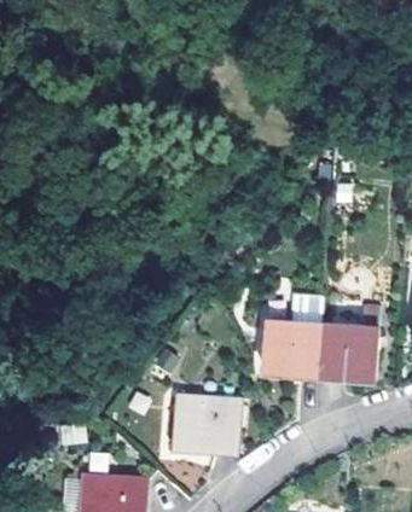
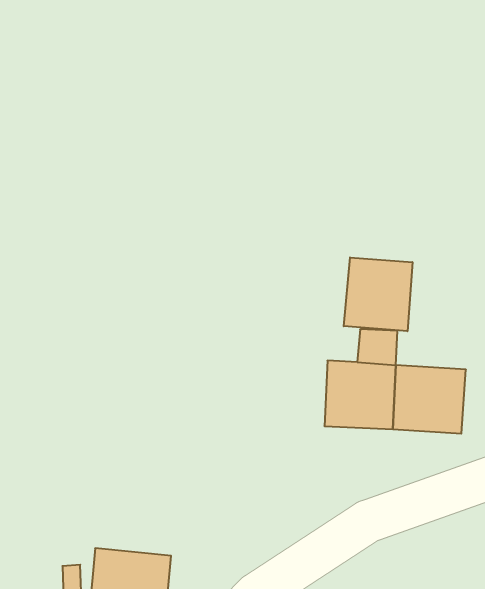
building: none -> [344,257,412,331]
building: [174,391,242,454] -> none

